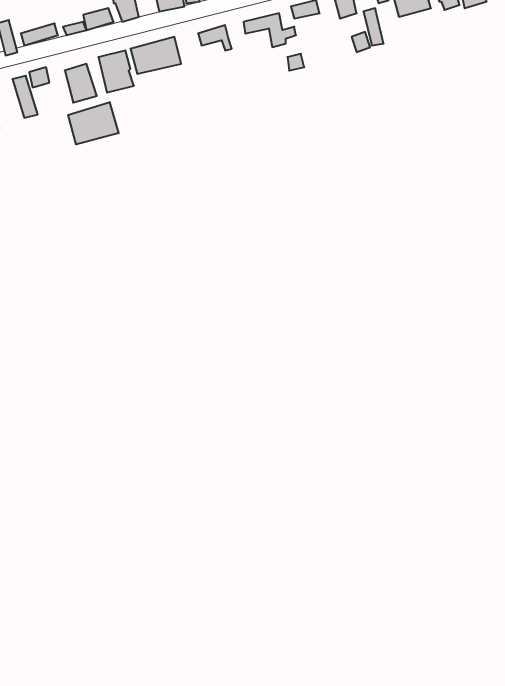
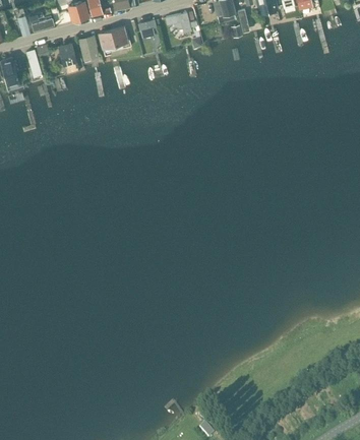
building: [68,102,119,144] -> none

